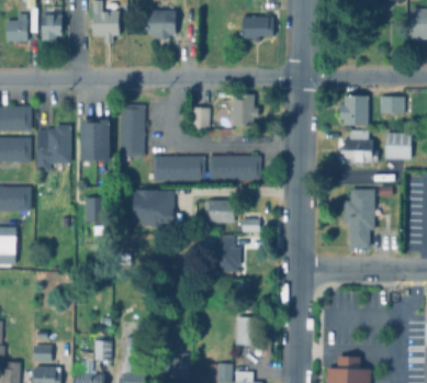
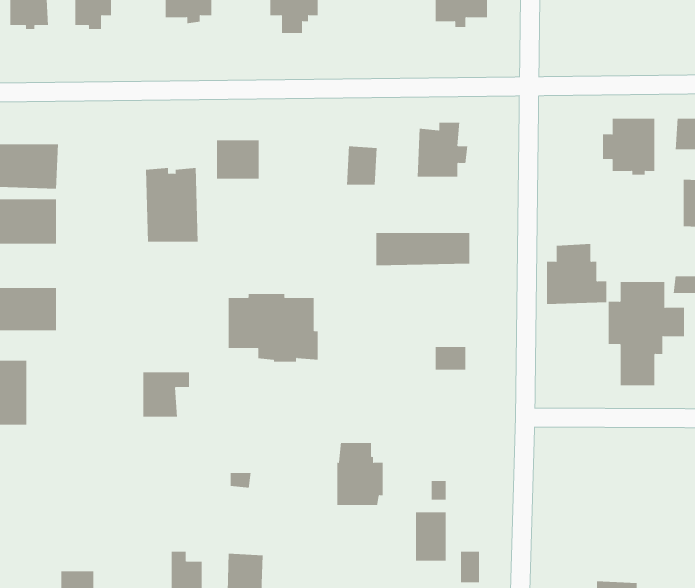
building: [38,127,74,174] -> none
building: [344,127,378,161] -> [546,244,607,305]
building: [122,128,146,164] -> none
building: [150,158,207,182] -> none
building: [87,200,113,225] -> [143,372,190,417]
building: [207,202,238,226] -> none
building: [211,233,237,268] -> [336,443,384,506]

